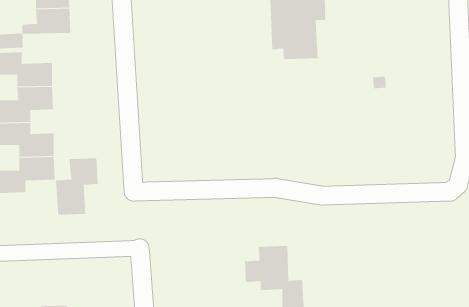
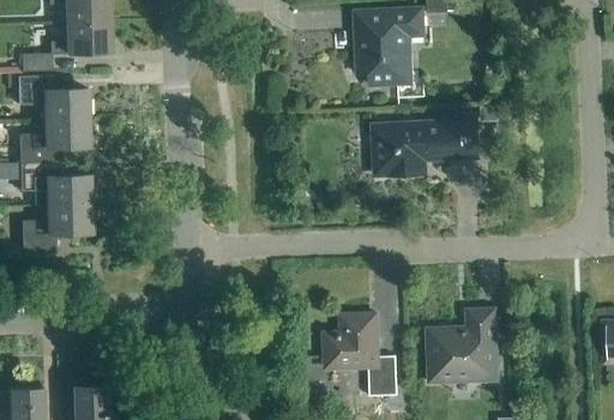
building: none -> [372,115,477,175]
building: [56,157,98,216] -> none
building: none -> [427,308,496,382]

